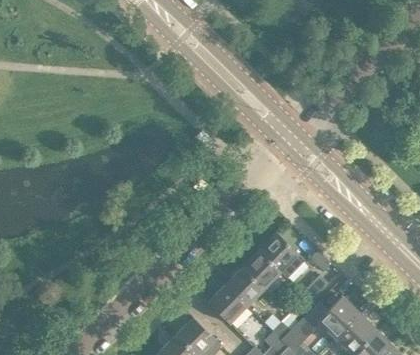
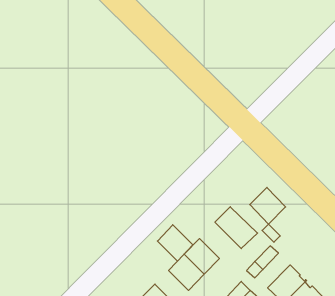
building: none -> [250,187,286,224]
building: [242,250,281,290] -> [157,225,193,261]

